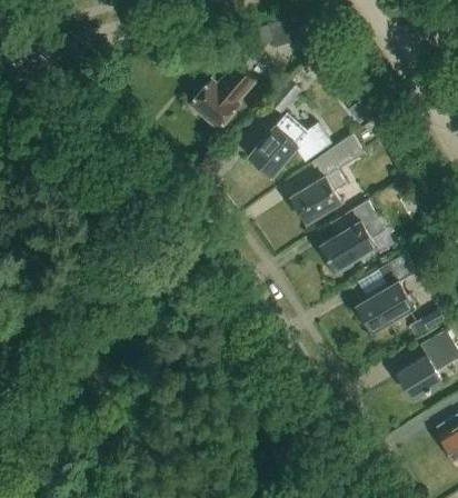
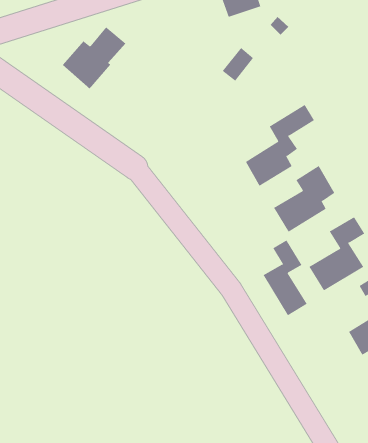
building: [188,64,255,130] -> [62,26,126,90]
building: [248,117,330,176] -> none
building: none -> [263,240,308,316]

